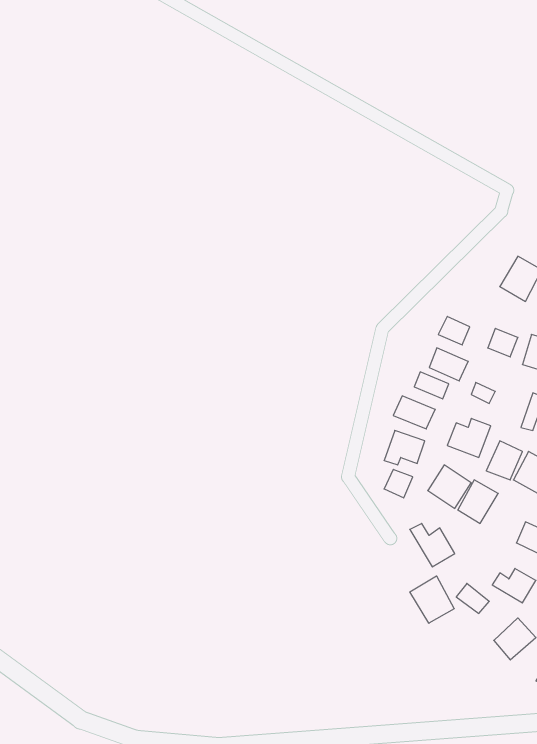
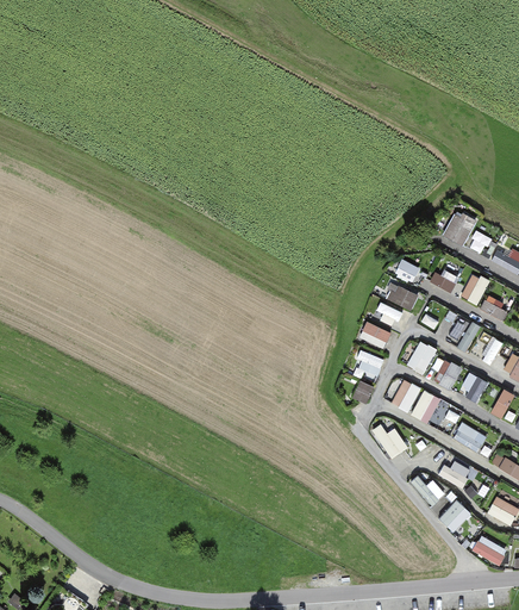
building: [410,576,454,623] -> none

